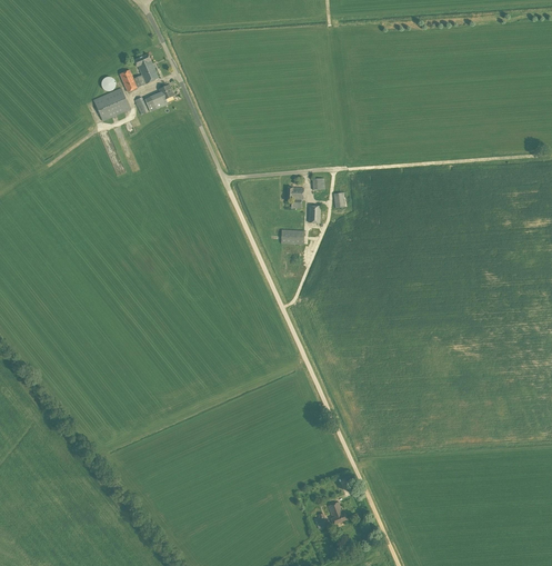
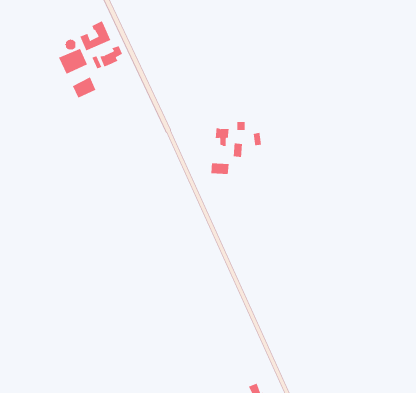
building: none -> [72,76,96,98]

